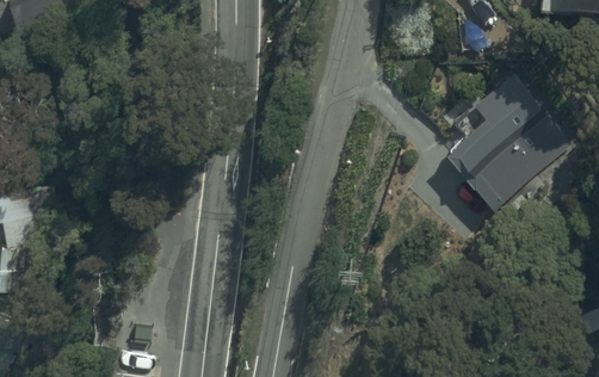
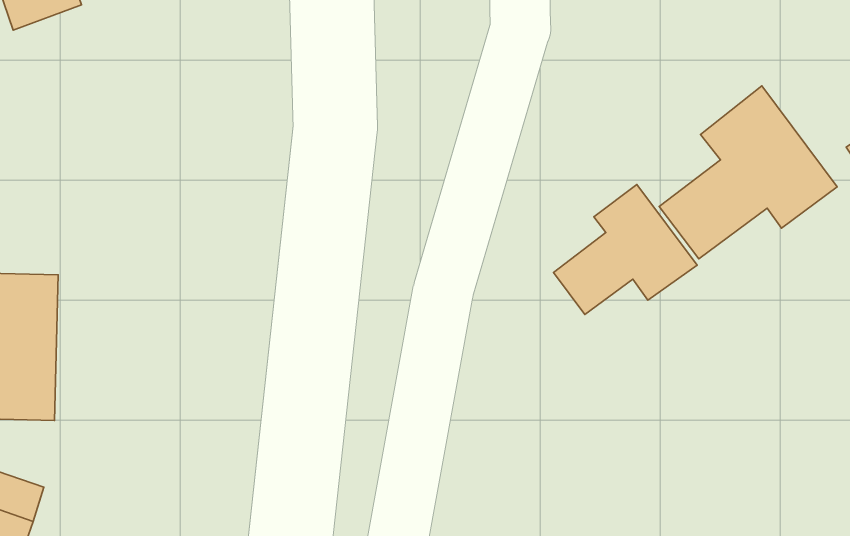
building: none -> [554,184,697,315]

